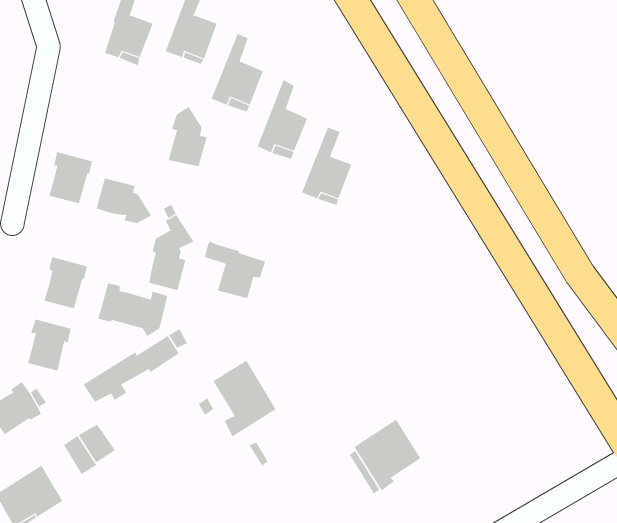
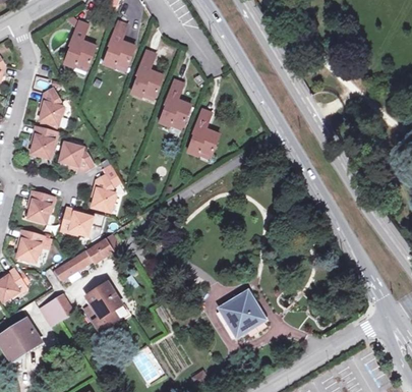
building: [168,106,207,167] -> [40,87,64,124]
building: [204,241,266,299] -> none
building: [212,360,276,437] -> [86,283,126,331]

